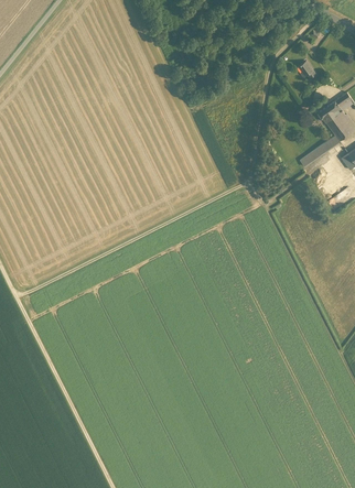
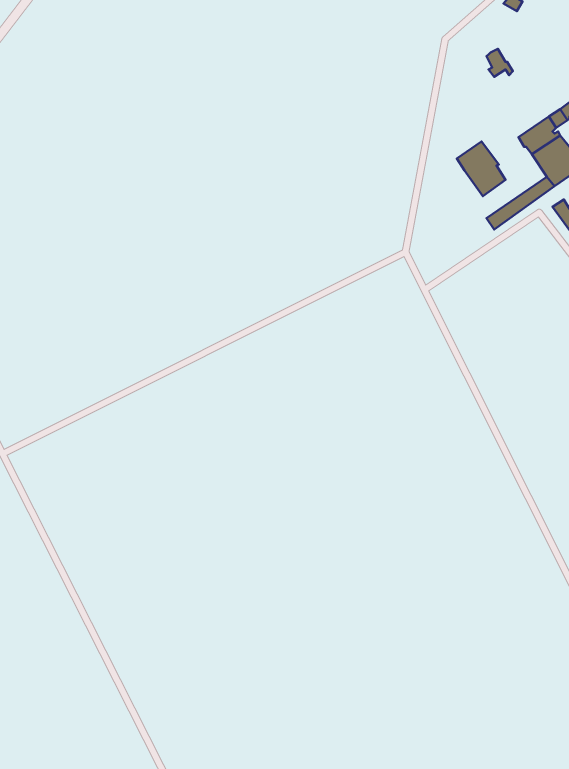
building: none -> [457,142,506,196]

